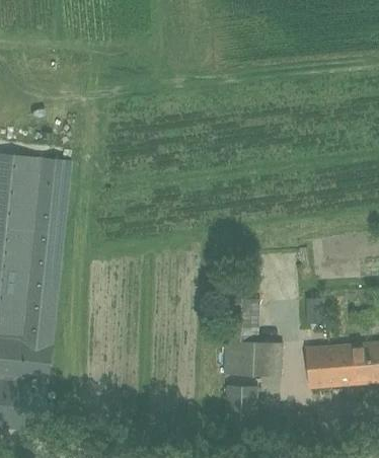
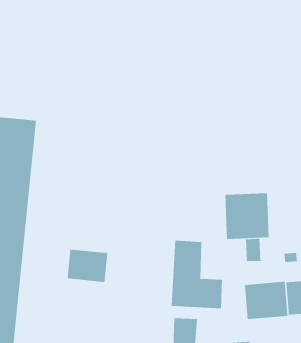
building: none -> [225,192,269,240]
building: none -> [67,249,108,283]

